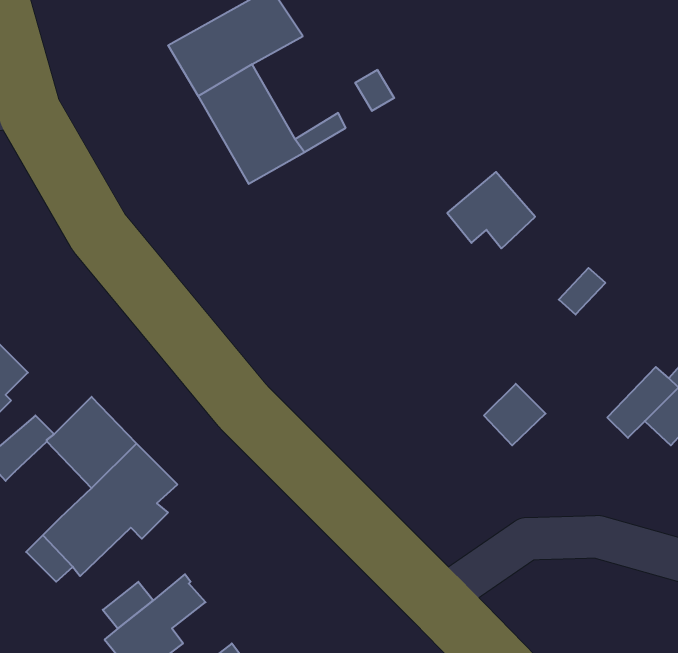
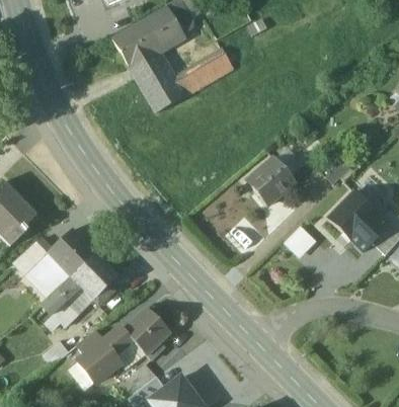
building: [447,172,535,248] -> [246,157,294,198]
building: none -> [328,191,377,240]
building: none -> [29,253,71,295]
building: none -> [124,307,170,358]

